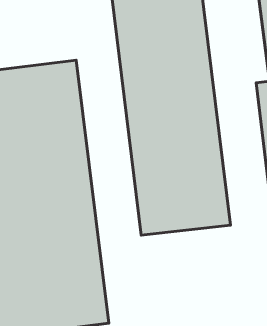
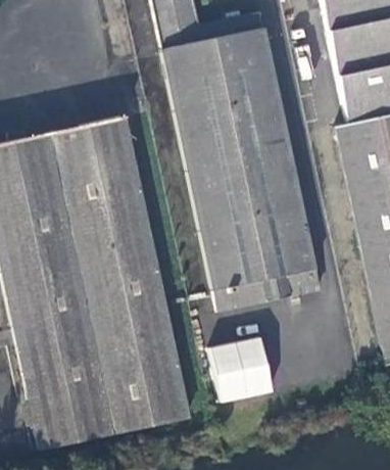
building: none -> [208,336,276,403]

